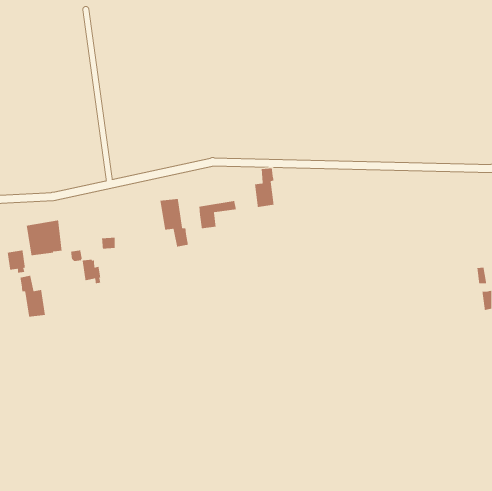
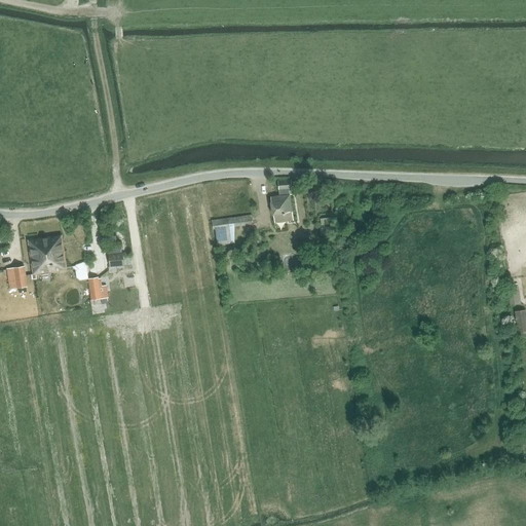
building: [160,198,189,248] -> none
building: [19,275,46,317] -> none

